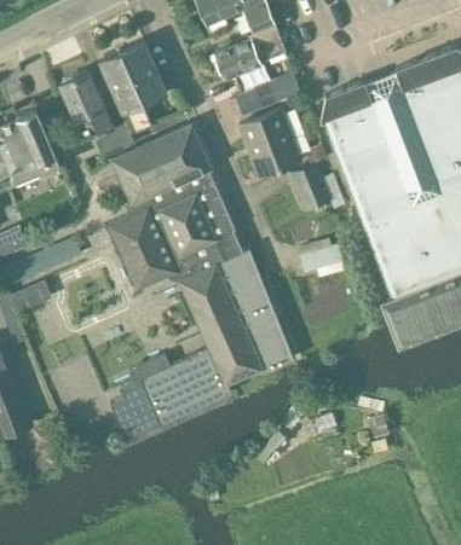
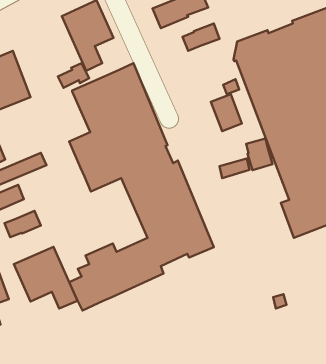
building: [59,71,113,131] -> none
building: [238,109,301,178] -> none
building: none -> [246,138,272,170]
building: none -> [5,211,41,237]
building: none -> [14,247,78,309]

